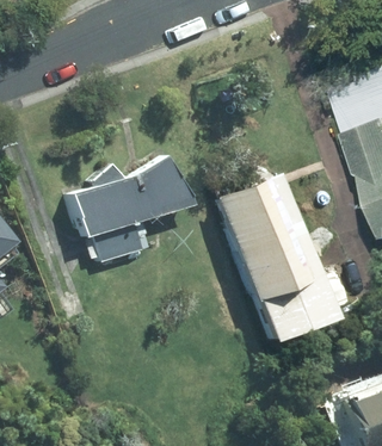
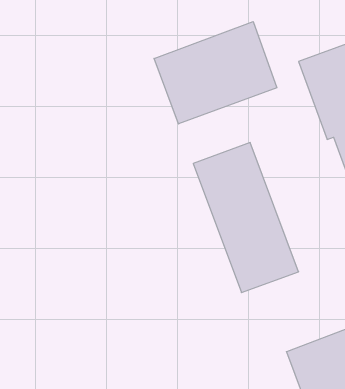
building: none -> [154,22,277,124]
building: [64,159,187,266] -> none

